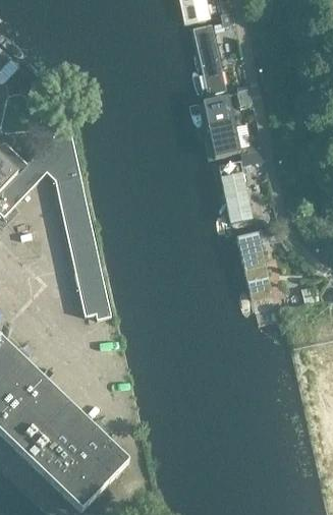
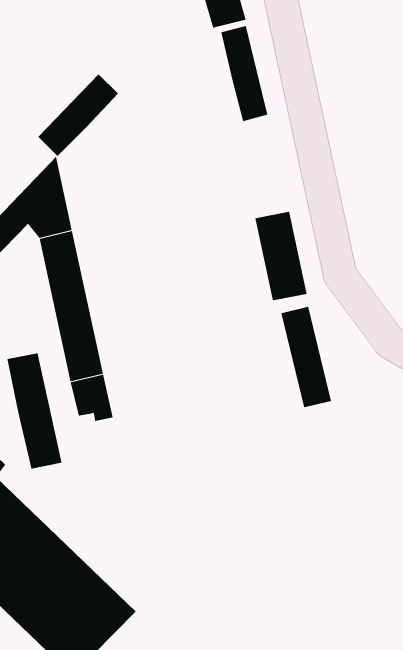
building: none -> [37,73,119,157]
building: [204,96,242,157] -> none
building: none -> [7,352,62,469]

